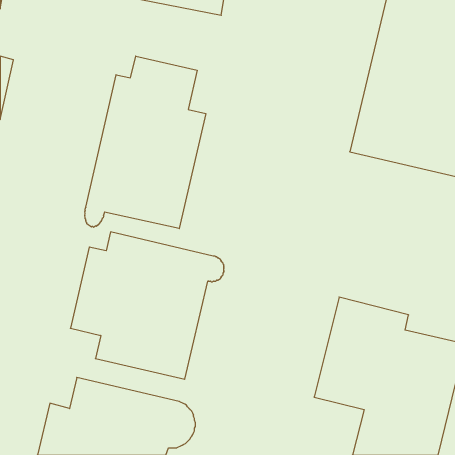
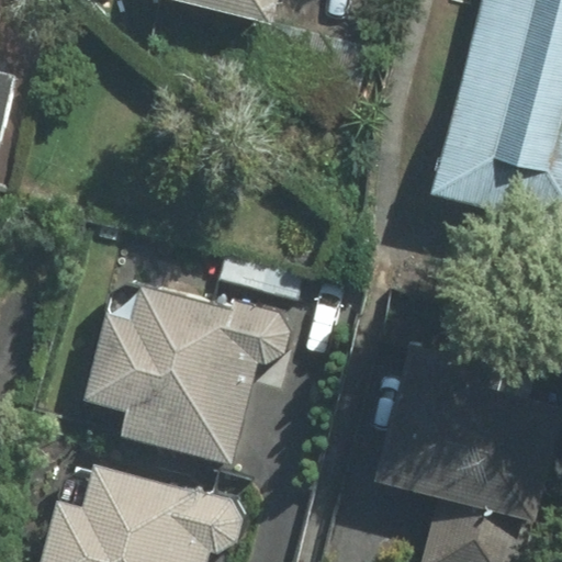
building: [85,56,206,229] -> none

